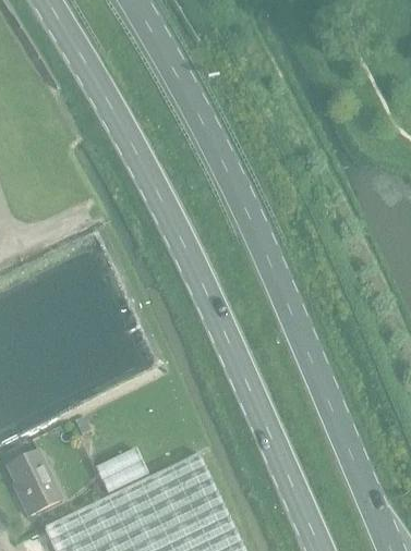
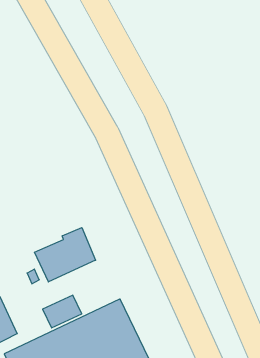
building: none -> [35,228,96,282]

